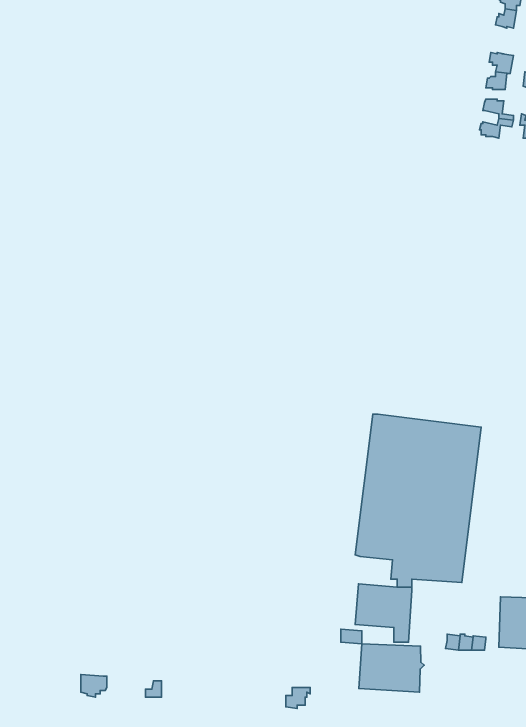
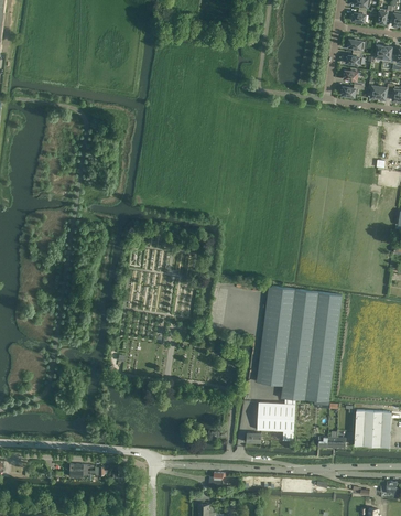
building: [359,644,424,692] -> none

